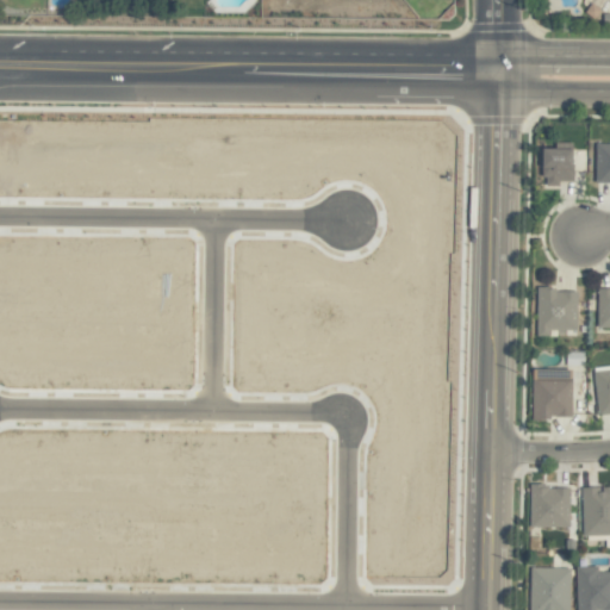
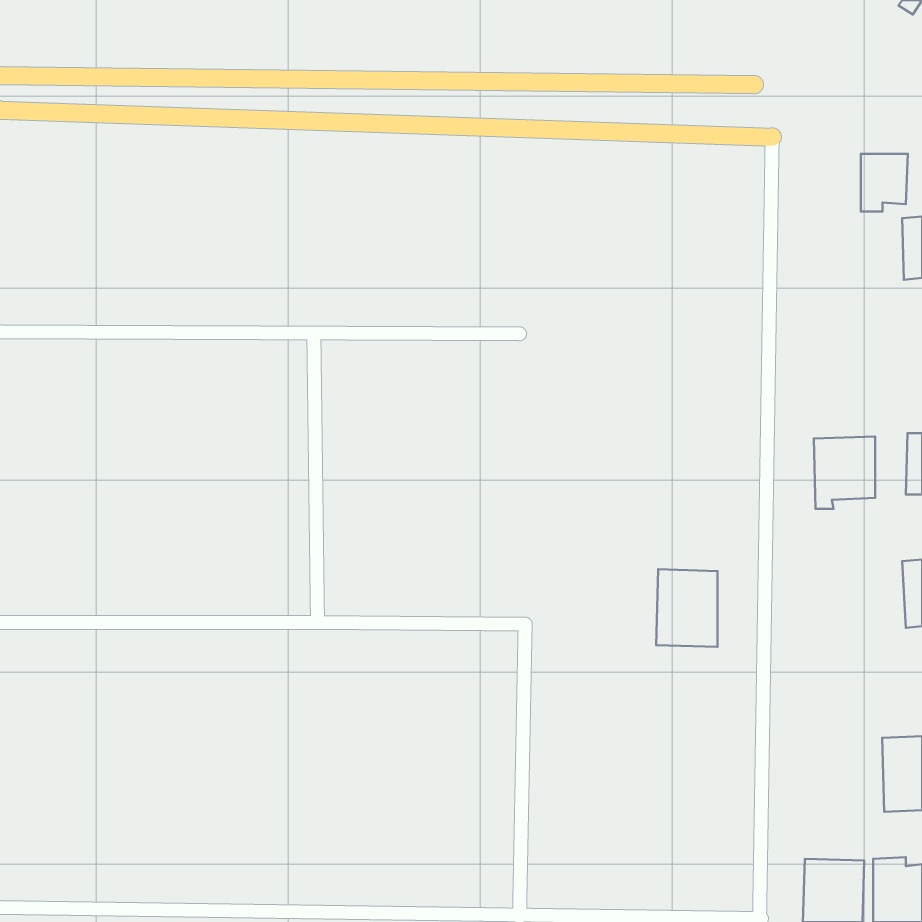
building: [544,148,575,186] -> [861,154,908,212]
building: [533,368,573,419] -> [656,569,718,647]
building: [530,486,571,528] -> none

